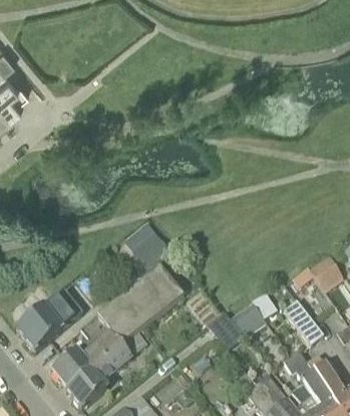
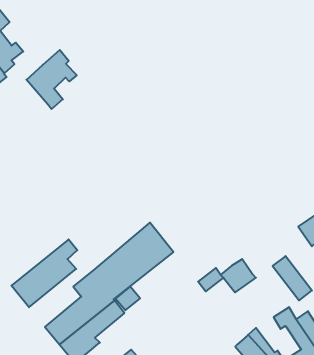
building: none -> [26,50,77,109]
building: [123,225,172,275] -> none

